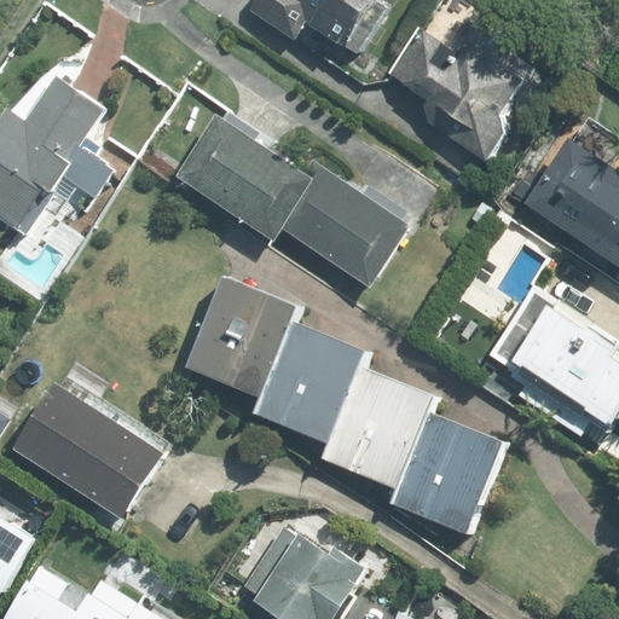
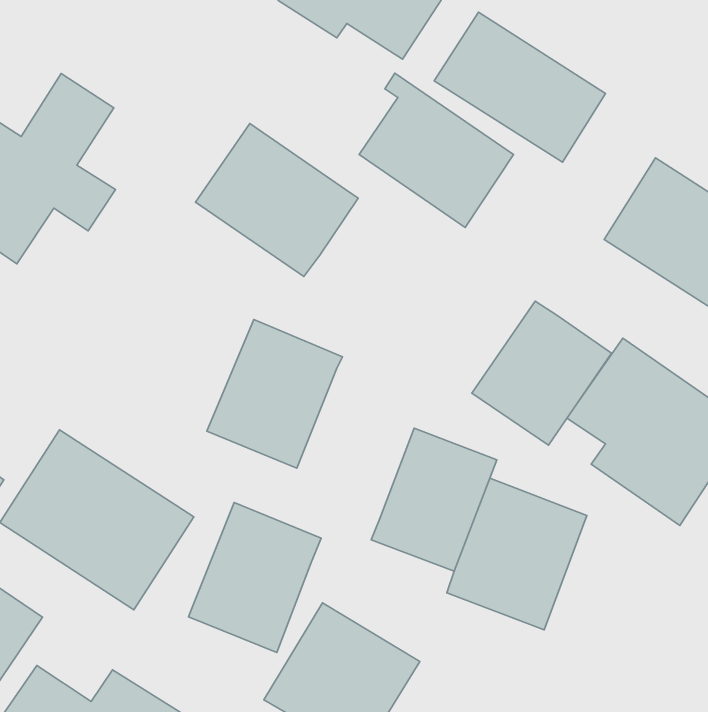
building: [280,155,411,285] -> [359,73,514,227]
building: none -> [472,301,612,445]
building: [256,319,369,446] -> [188,502,321,653]

